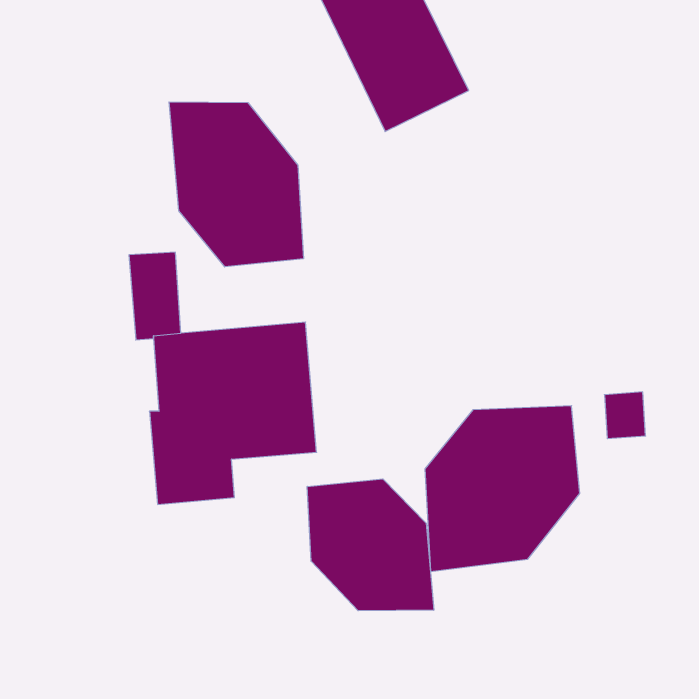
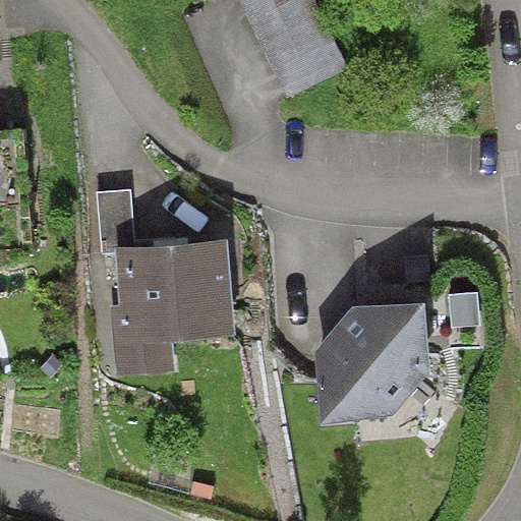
building: [169,102,303,267] -> none
building: [307,479,434,611] -> none

